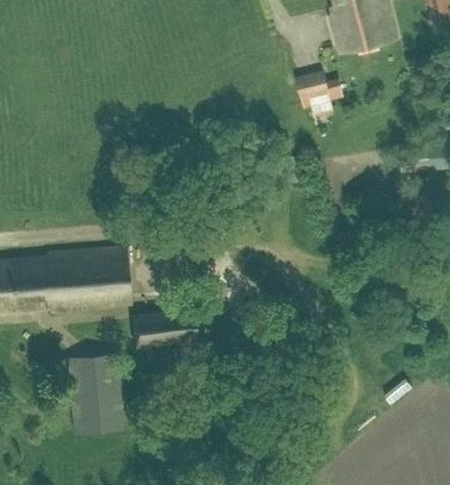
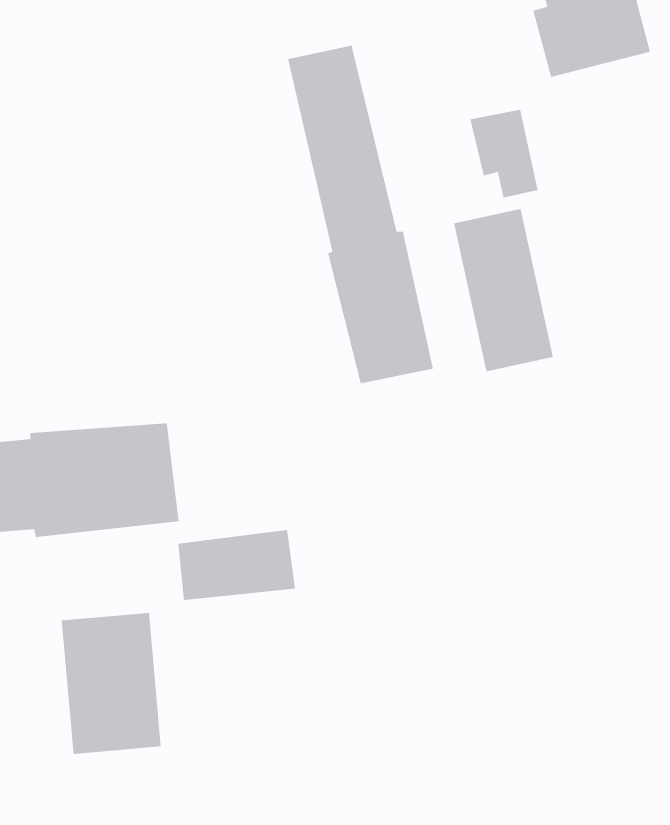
building: none -> [288,45,433,384]
building: none -> [453,208,553,372]

